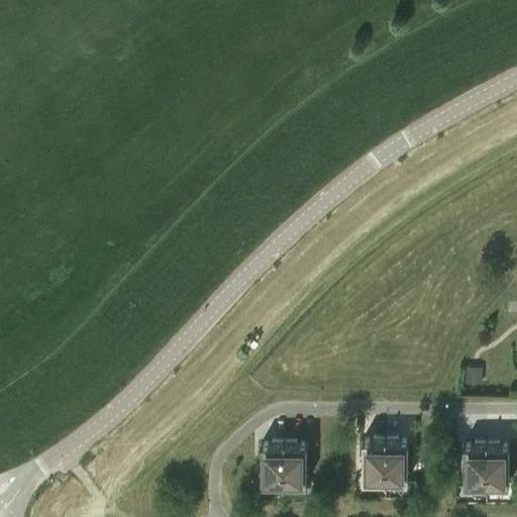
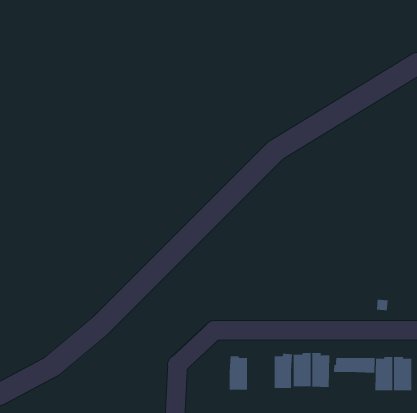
building: [261,444,284,488] -> [274,353,293,388]
building: none -> [333,357,375,373]

